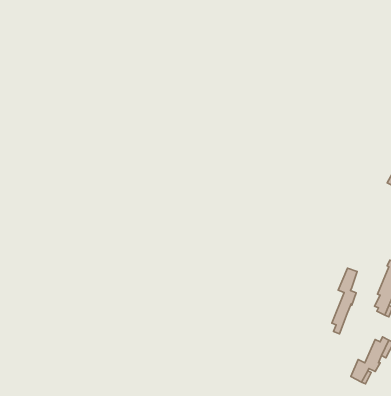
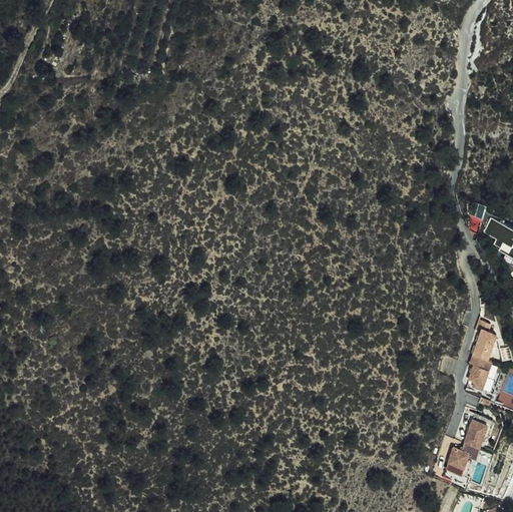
building: [332,268,357,334] -> none

